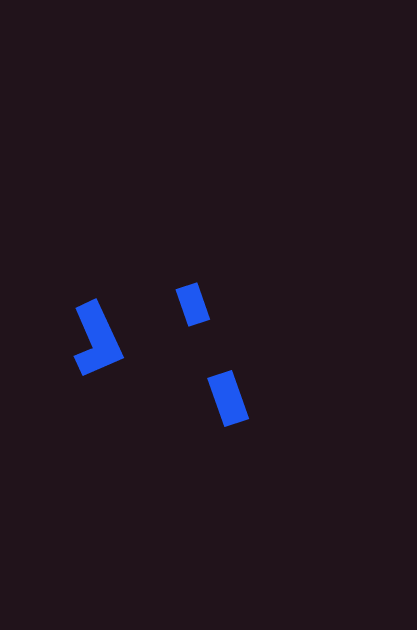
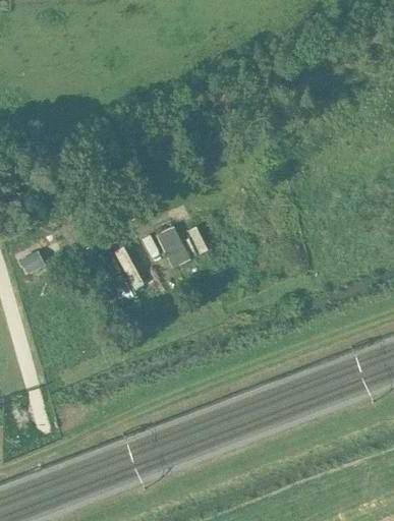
building: [206,369,250,428] -> [154,226,188,269]

